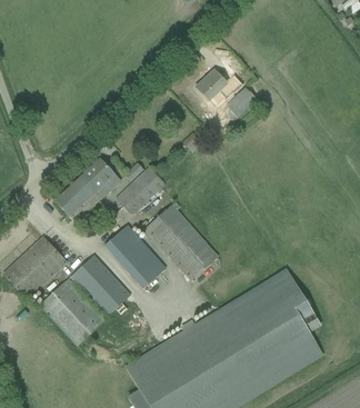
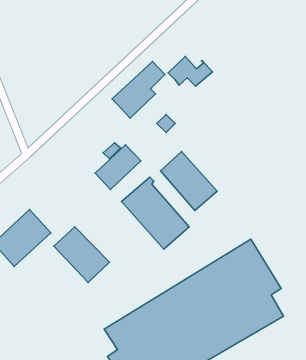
building: [226,86,257,117] -> none
building: [56,159,113,221] -> [112,61,165,118]
building: [104,223,167,288] -> [160,152,217,210]
building: [40,279,106,345] -> none

